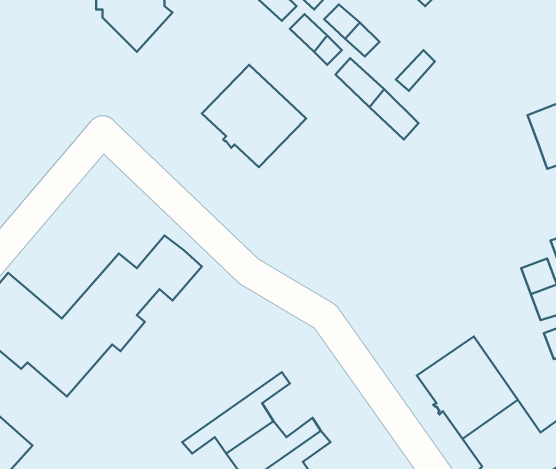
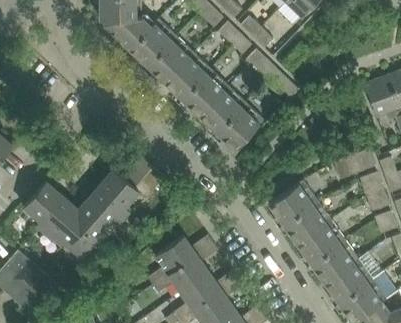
building: none -> [124,19,193,83]
building: none -> [199,86,263,150]
building: none -> [334,150,374,179]
building: none -> [268,180,331,244]
building: none -> [147,235,213,285]

